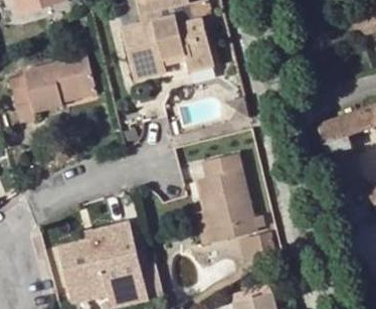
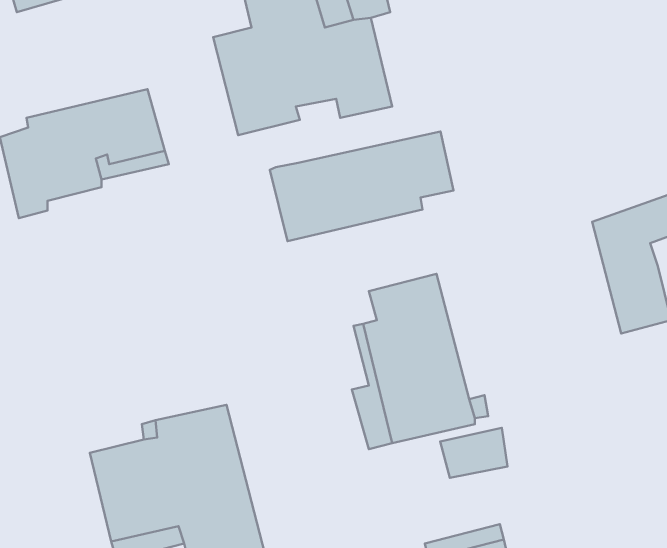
building: none -> [270,131,453,241]

